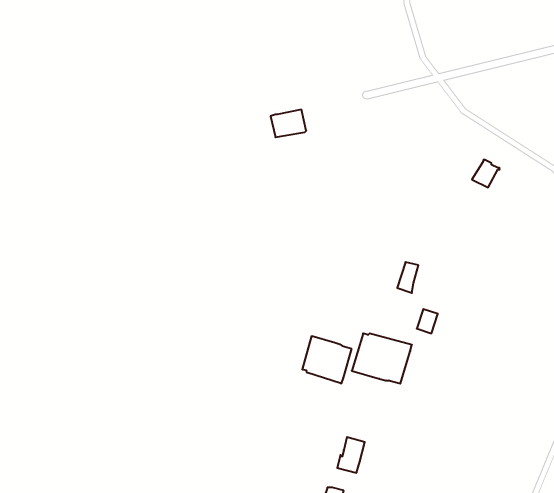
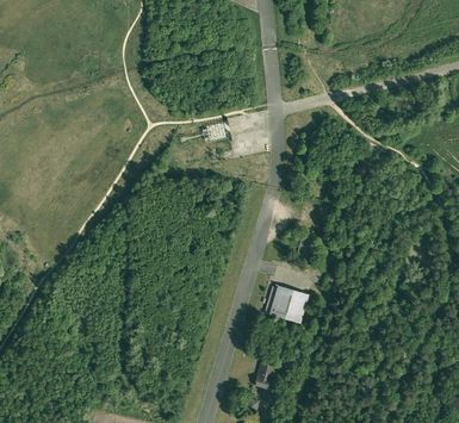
building: [302,336,351,384] -> none

